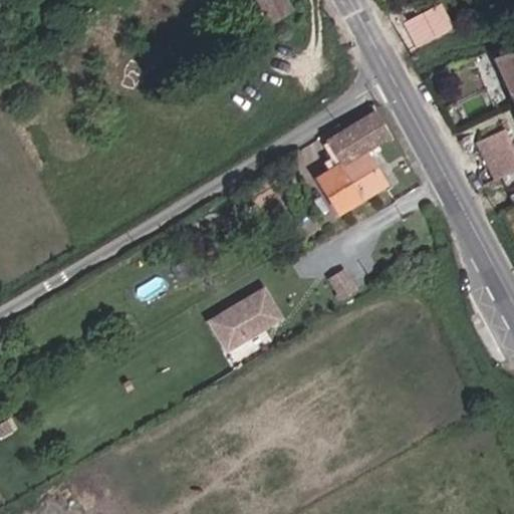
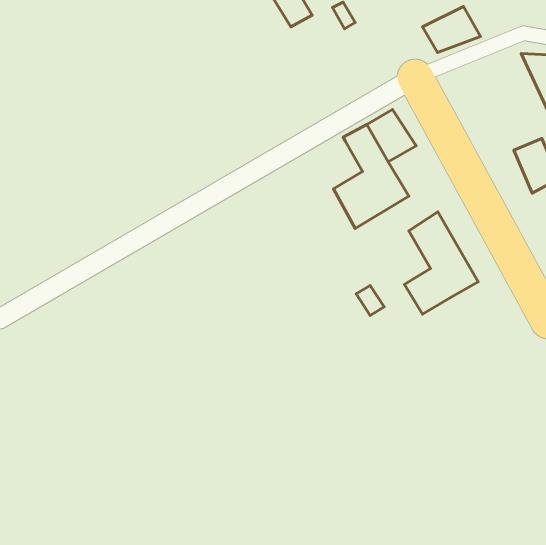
building: none -> [404,212,478,314]
building: [215,286,287,348] -> none

